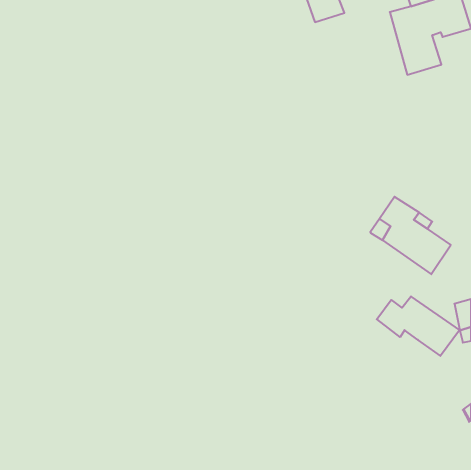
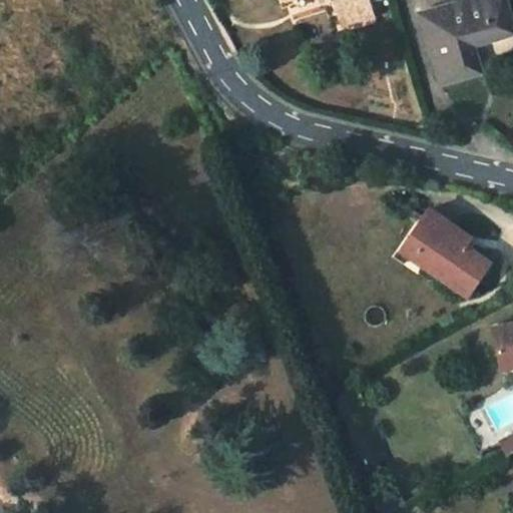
building: [377,296,459,356] -> none

